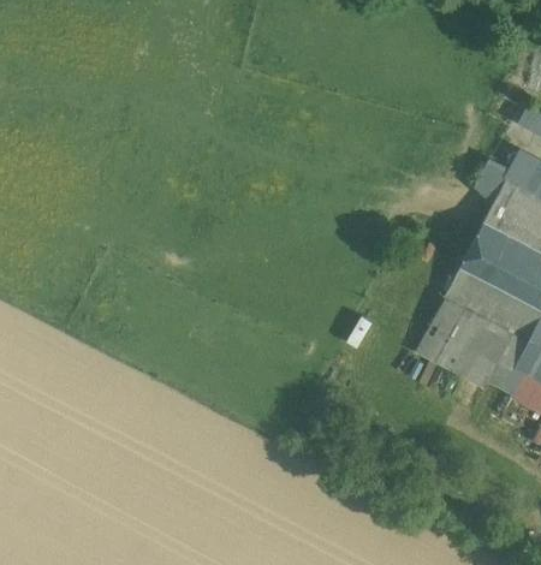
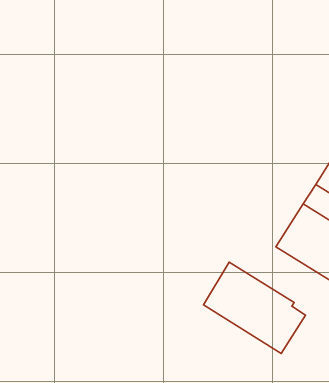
building: none -> [203,262,305,353]

